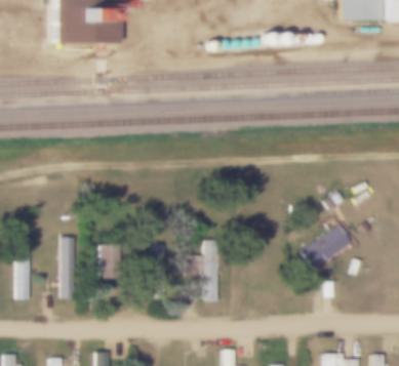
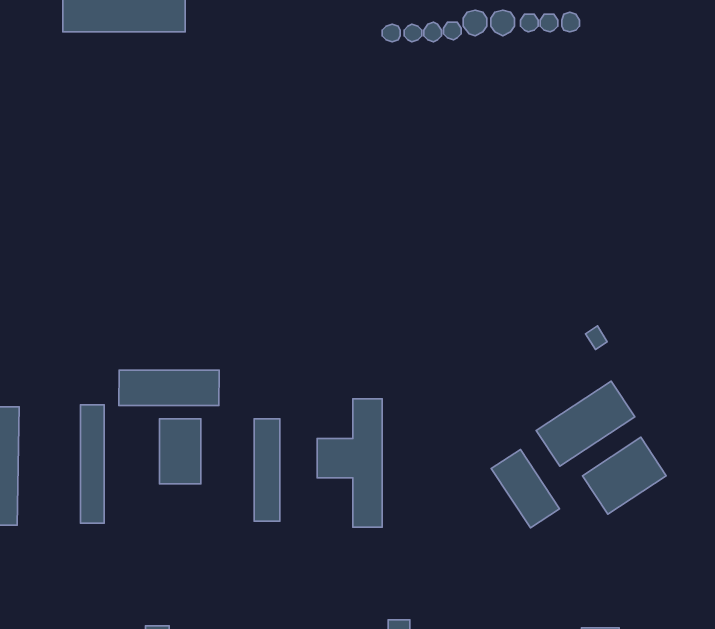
building: none -> [119,370,219,406]
building: none -> [582,437,666,514]
building: none -> [491,449,560,528]

